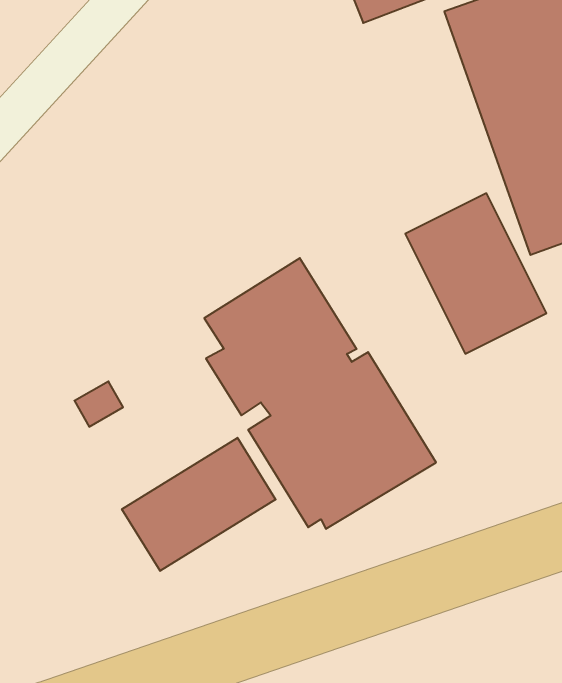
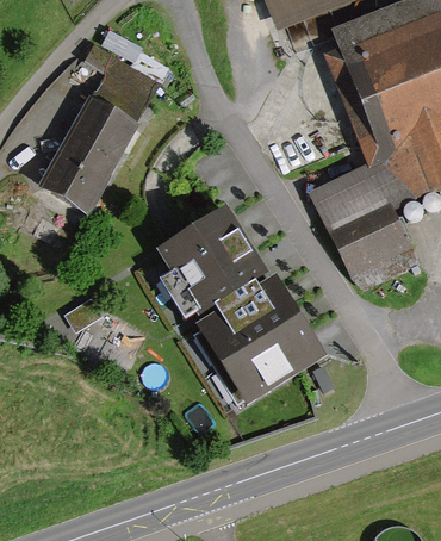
building: none -> [38,44,153,207]
building: [122,438,276,571] -> none

